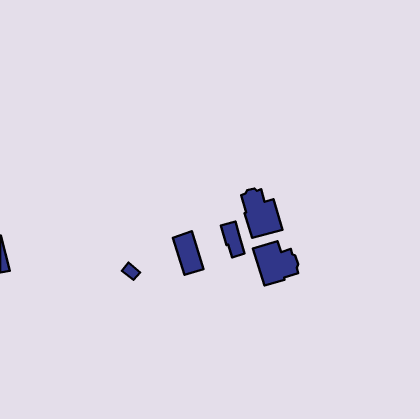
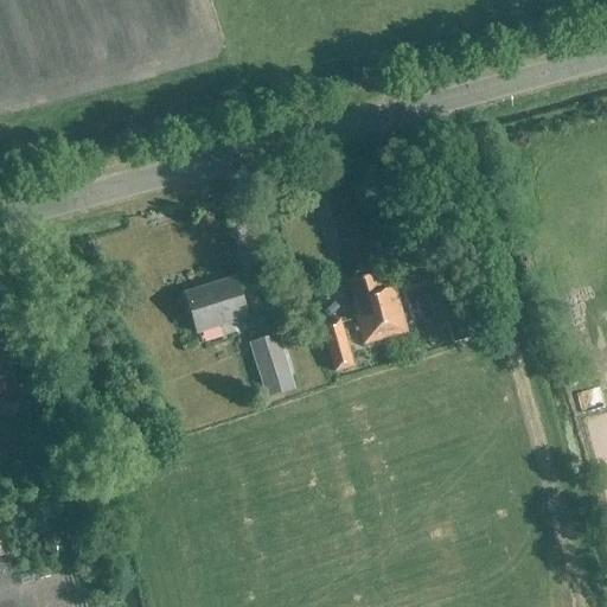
building: none -> [185,277,248,332]
building: [253,241,298,286] -> none

